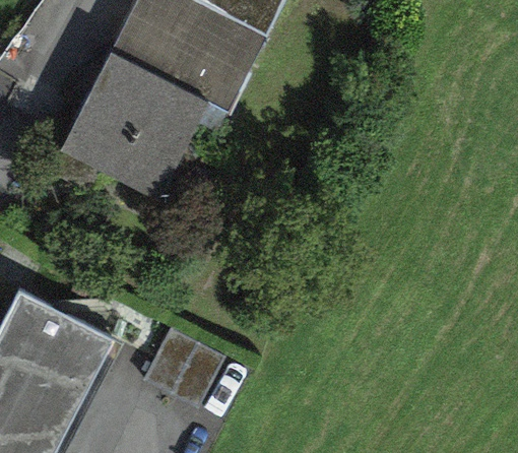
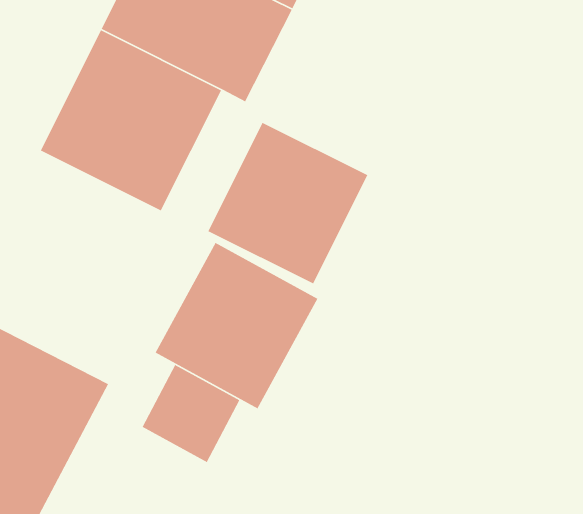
building: none -> [207,122,368,285]
building: none -> [155,242,319,409]

